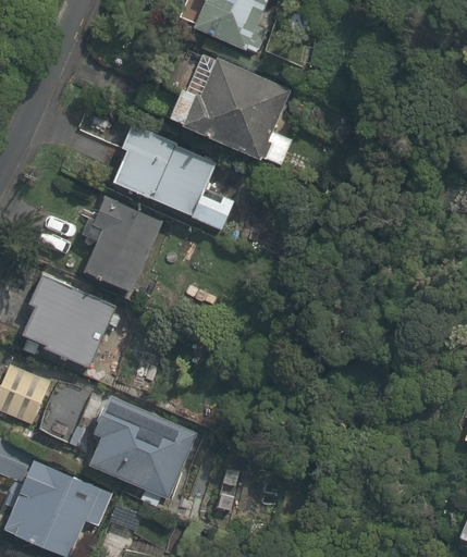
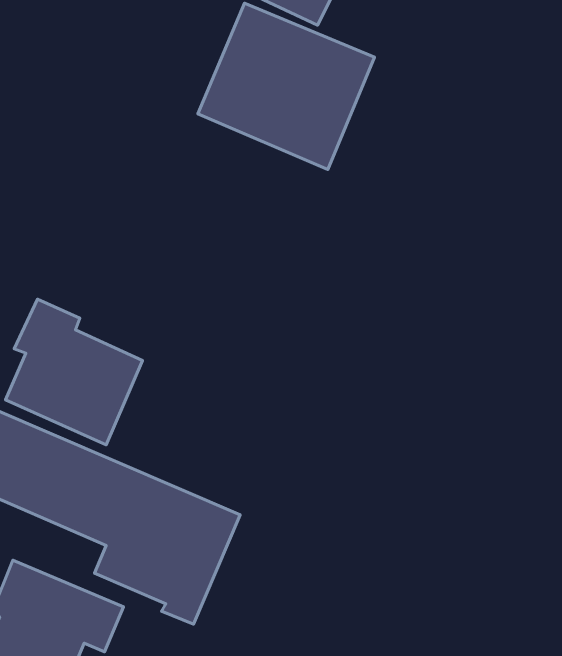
building: [113,126,245,237] -> none
building: [78,199,162,296] -> none

